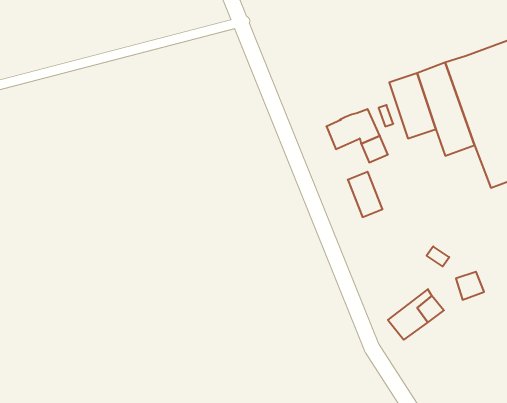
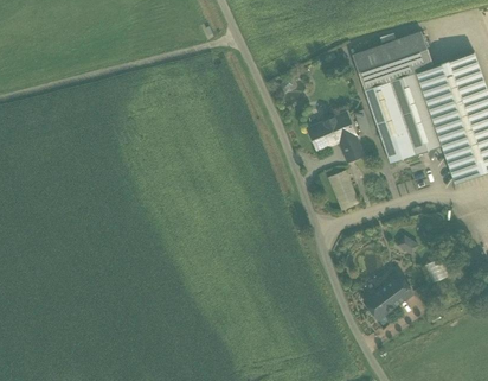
building: none -> [352,31,434,89]
building: none -> [381,131,415,163]

